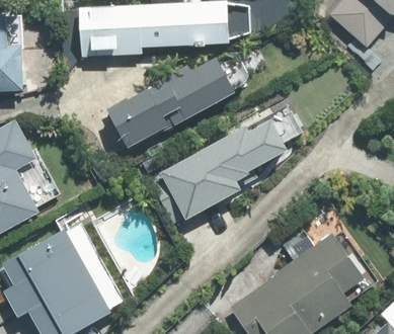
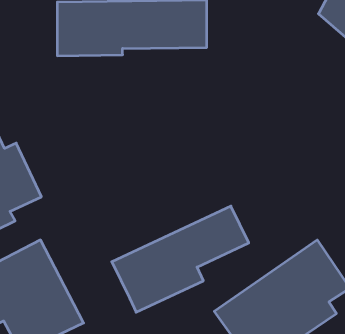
building: [105,58,234,149] -> none
building: [152,119,284,222] -> [112,206,249,312]

